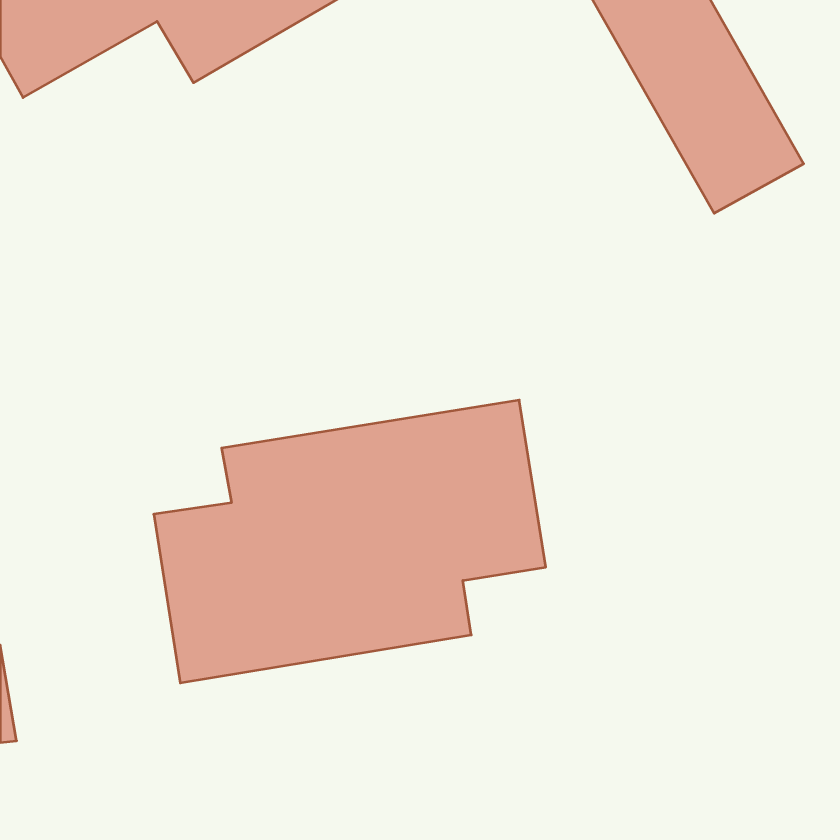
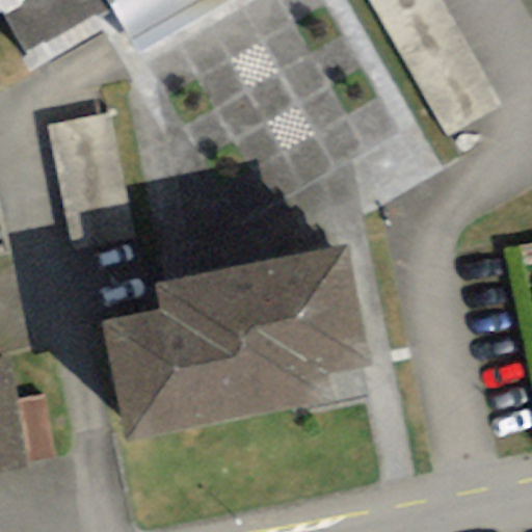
building: none -> [50,107,138,245]

